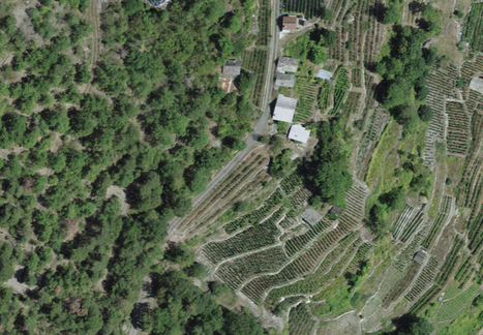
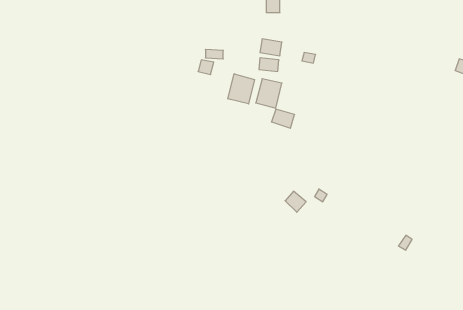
building: none -> [228,74,254,104]

